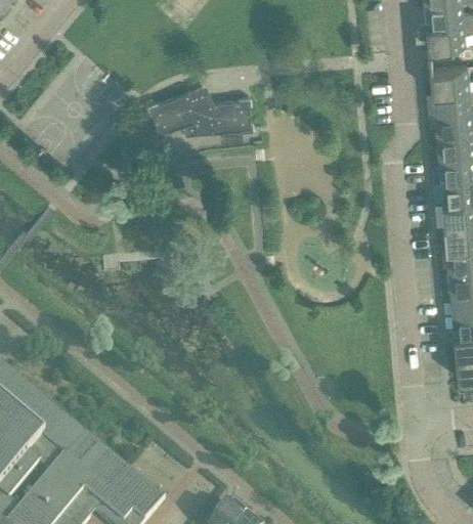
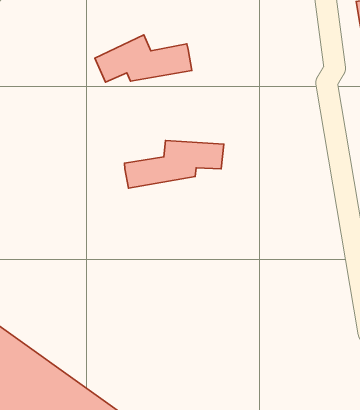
building: none -> [124,141,224,188]

